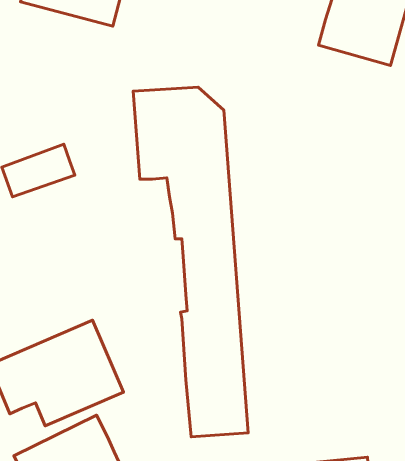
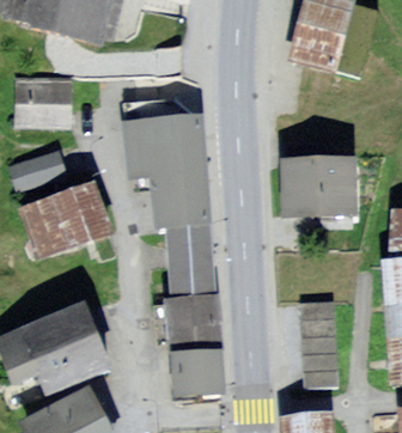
building: none -> [13,83,66,126]
building: none -> [281,153,354,217]
building: none -> [18,179,109,256]
building: none -> [294,303,337,388]

